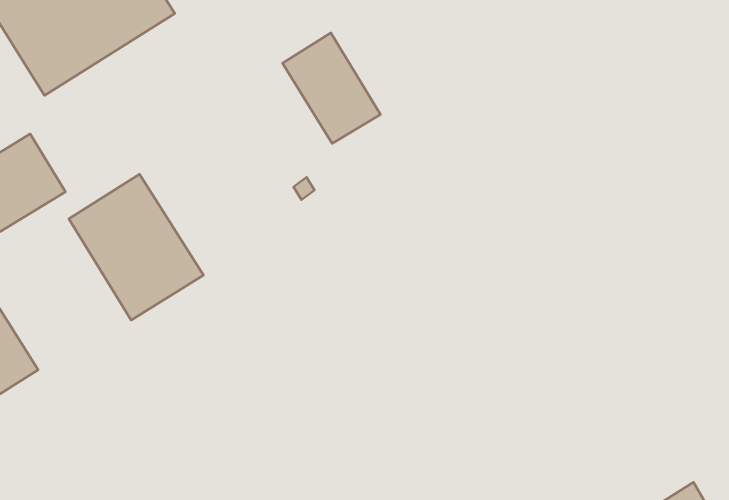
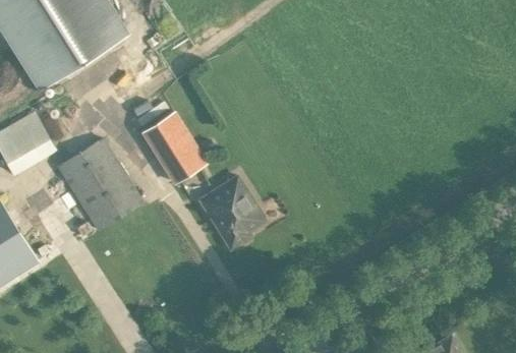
building: [283,33,380,143] -> [144,114,206,184]
building: none -> [200,178,266,247]

